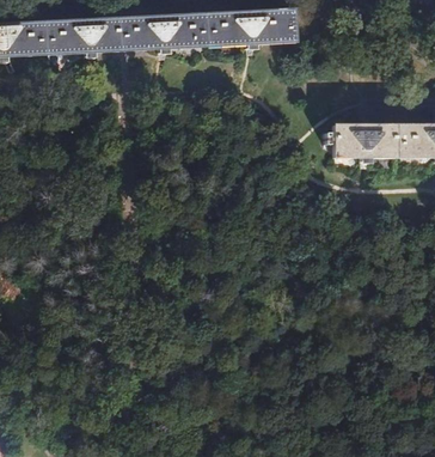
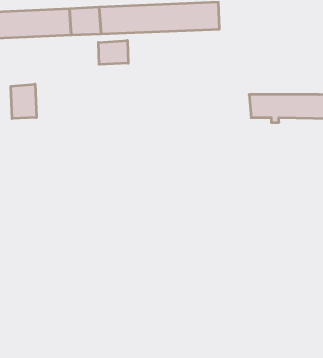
building: none -> [98,40,128,64]
building: none -> [11,84,36,119]

